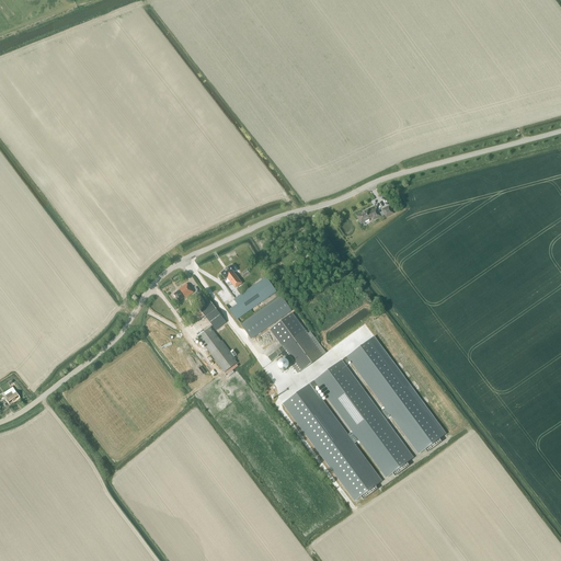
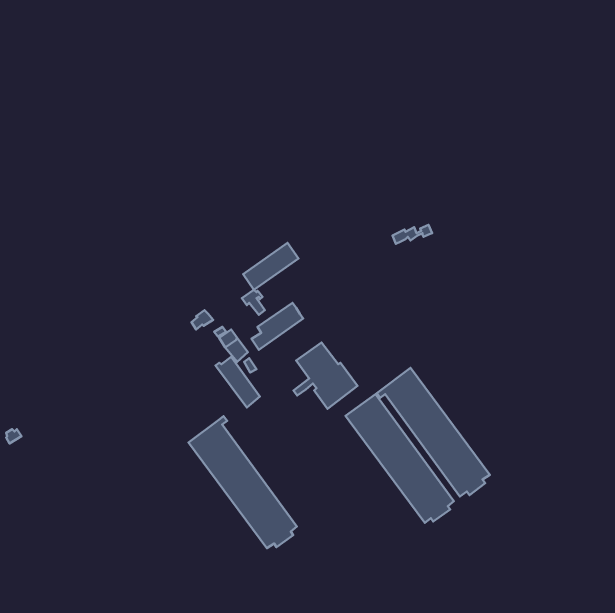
building: [241,295,291,337] -> [243,243,298,290]
building: [283,379,381,500] -> [189,416,297,548]

